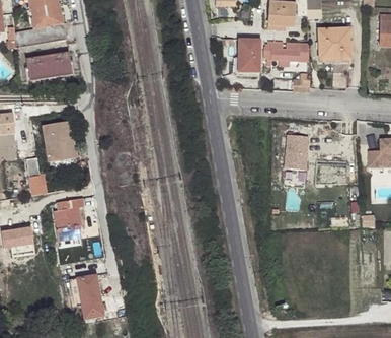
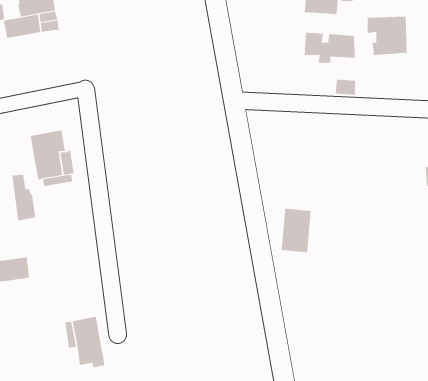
building: [237,39,260,75] -> none
building: [26,52,72,80] -> none
building: [288,133,313,170] -> [281,208,312,253]
building: [54,197,83,241] -> none

